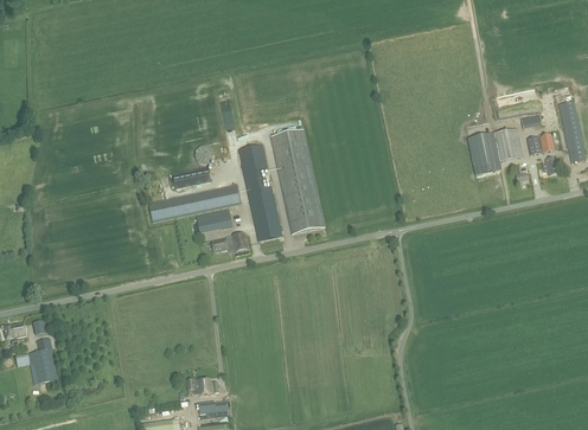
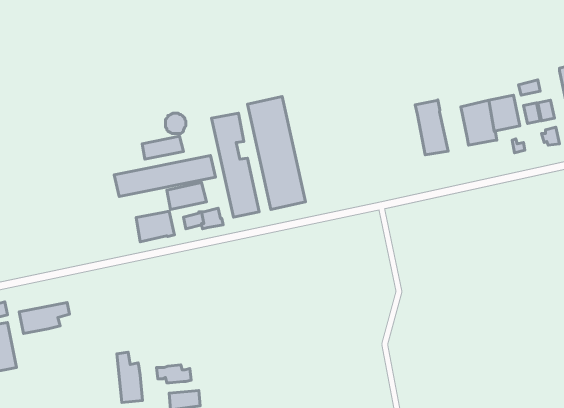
building: none -> [415,100,448,155]
building: none -> [136,211,174,242]
building: none -> [19,302,70,333]
building: none -> [117,352,142,403]

